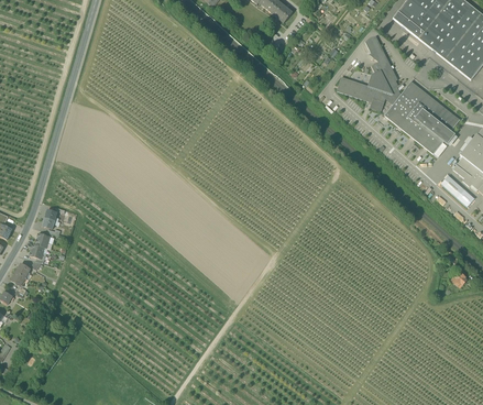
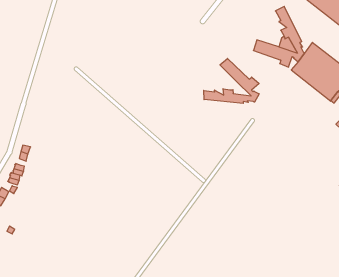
building: none -> [204,58,259,103]

